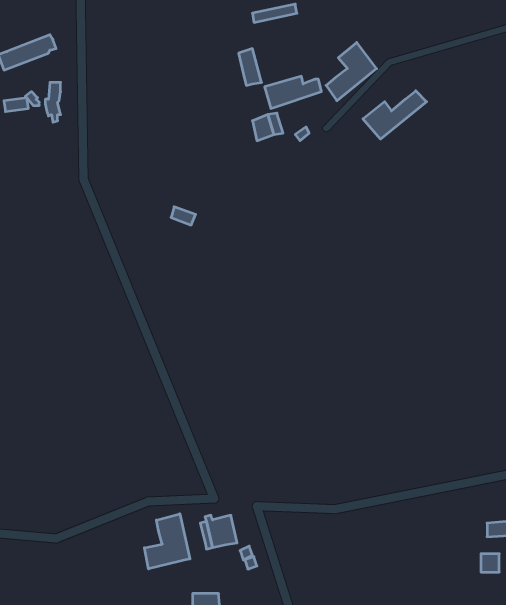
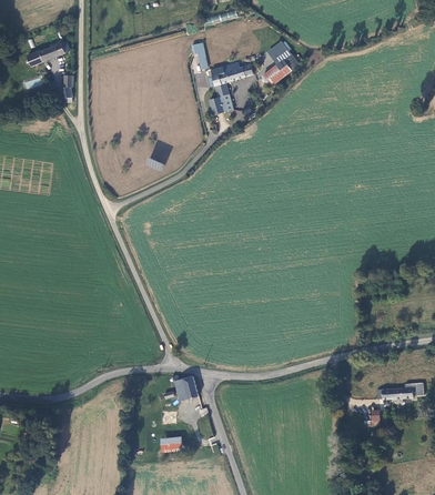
building: [363,91,427,139] -> none
building: [144,514,190,569] -> none

